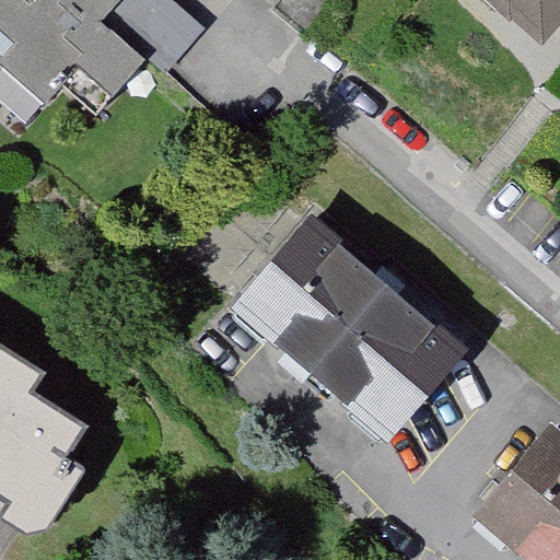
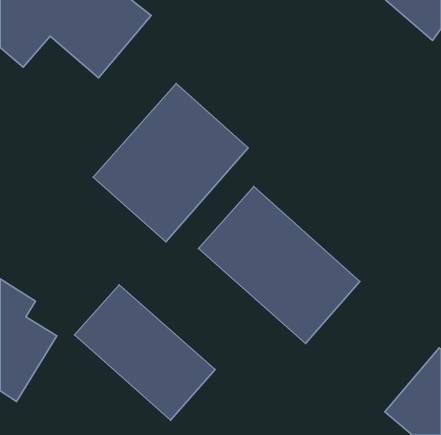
building: none -> [93,84,248,242]
building: none -> [74,285,215,420]

